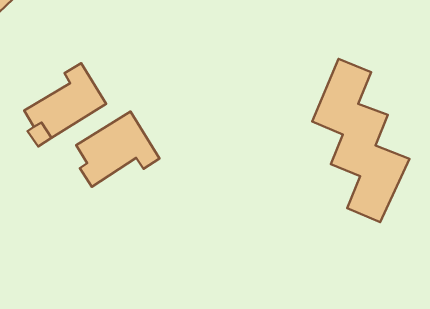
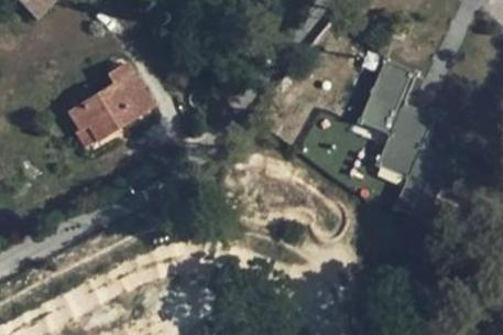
building: [76,111,160,187] -> none

